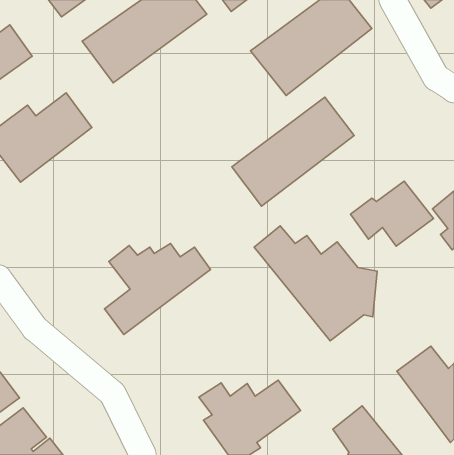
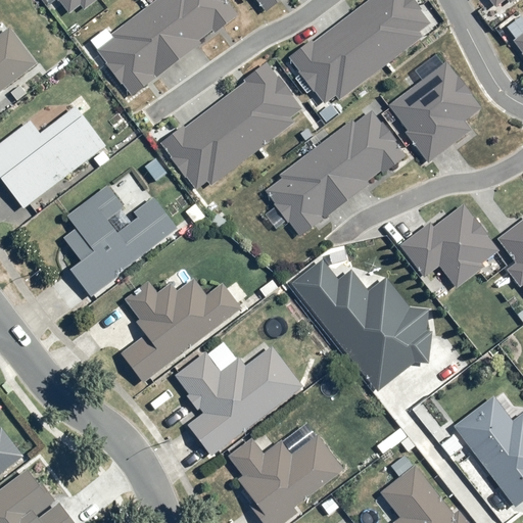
building: none -> [389,62,481,159]
building: none -> [160,63,303,187]
building: none -> [67,186,178,297]
building: none -> [176,346,303,456]

